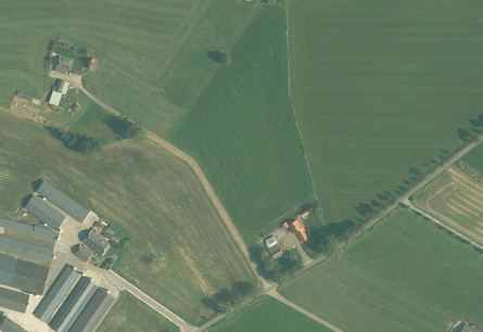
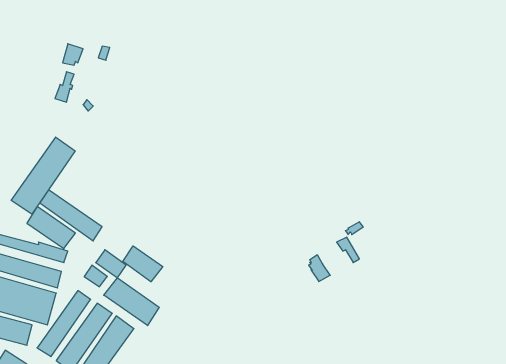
building: none -> [11,137,75,214]
building: none -> [123,246,163,282]
building: none -> [104,278,159,326]

